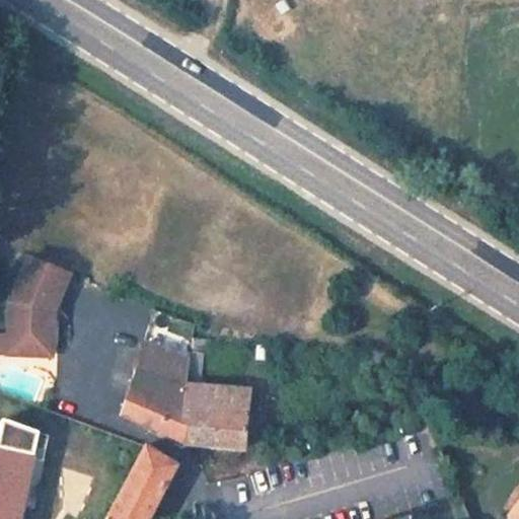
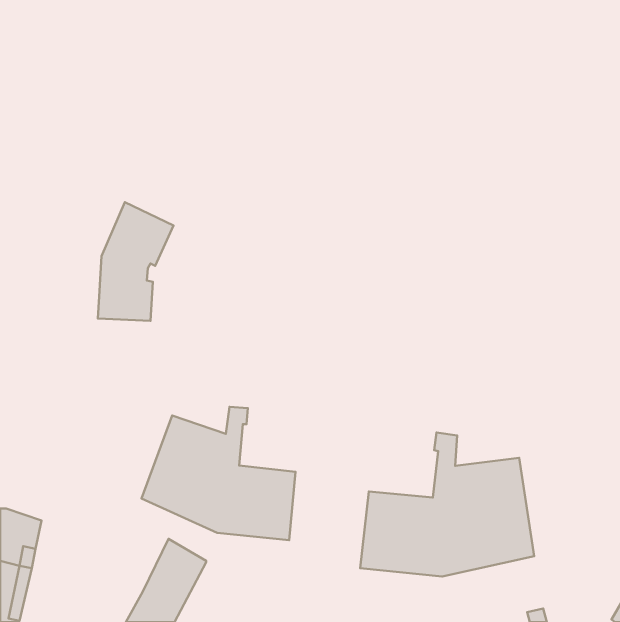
building: [7,260,70,358] -> [98,202,174,321]
building: none -> [360,433,534,576]

